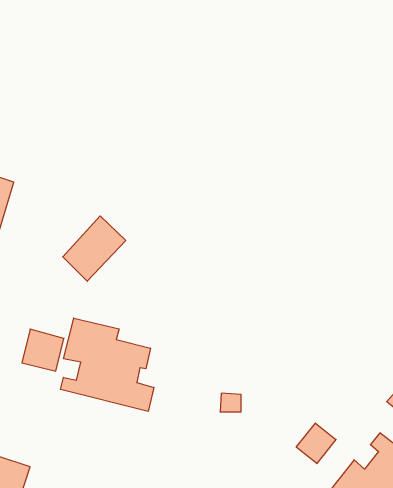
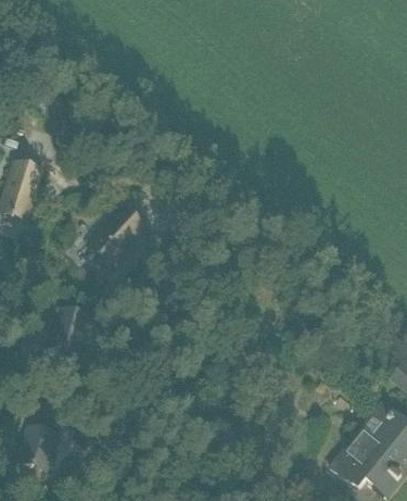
building: [60,318,154,411] -> none
building: [296,423,336,464] -> none

